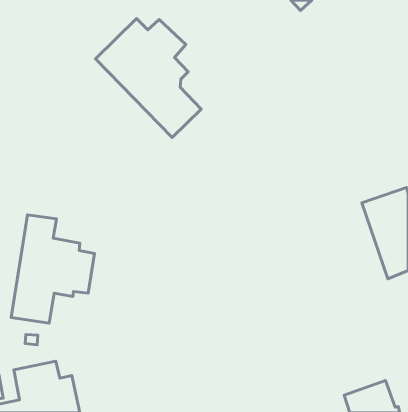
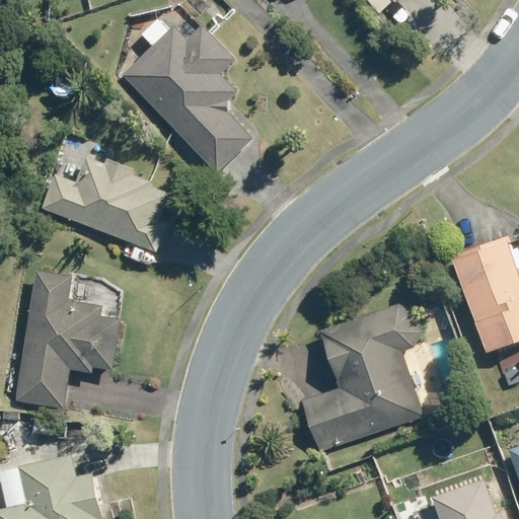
building: none -> [40,156,167,251]
building: none -> [311,310,434,456]

